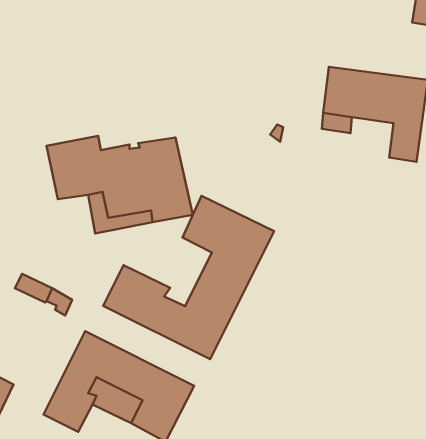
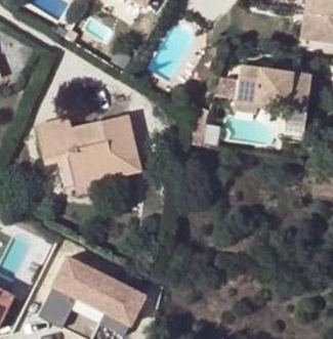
building: [103,196,274,359] -> none

